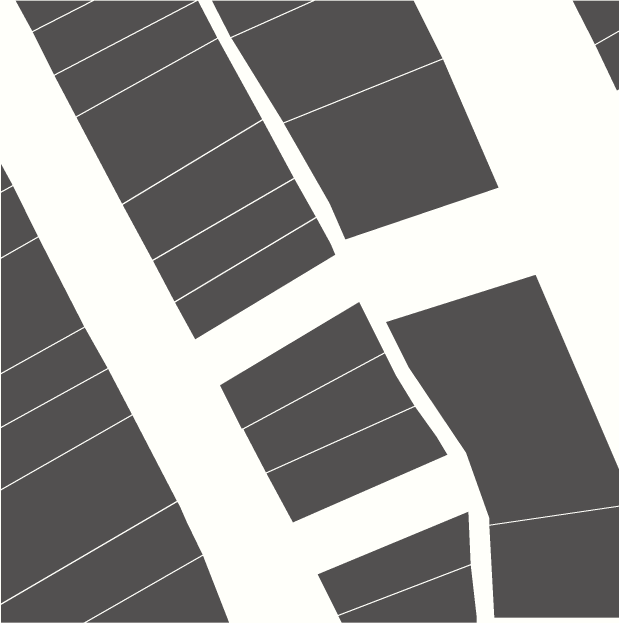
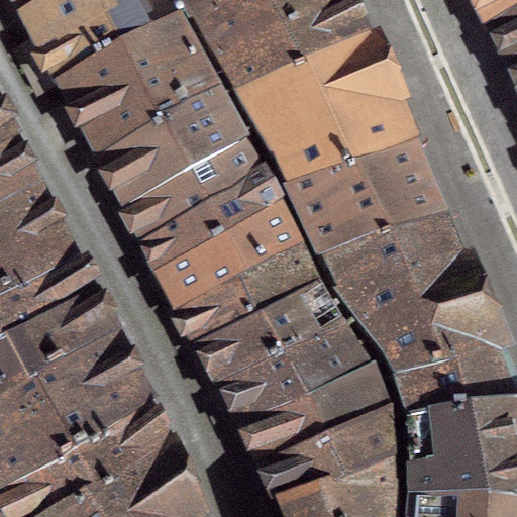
building: none -> [289,156,447,267]
building: none -> [165,211,301,319]
building: none -> [245,377,392,476]

